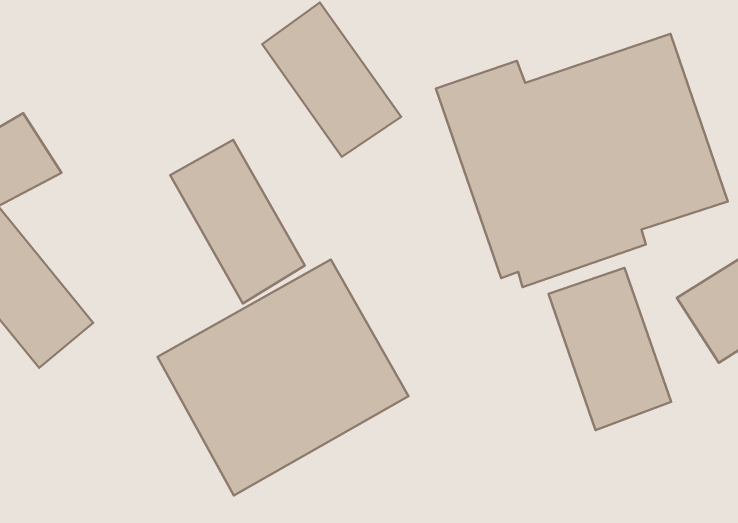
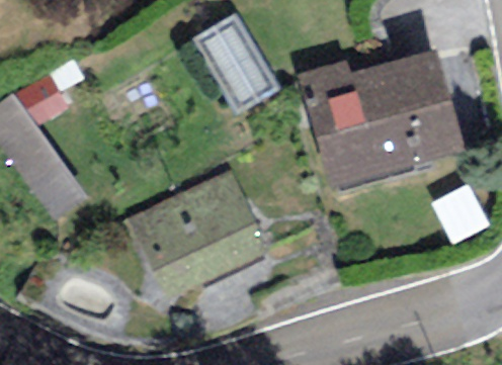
building: [170,140,305,303] -> none
building: [549,268,671,430] -> none

